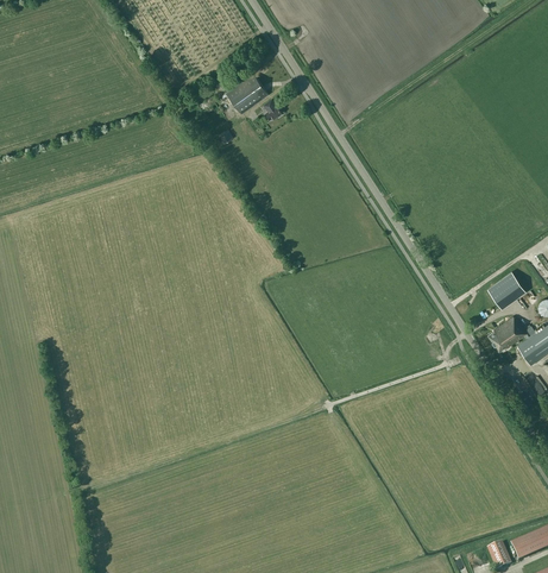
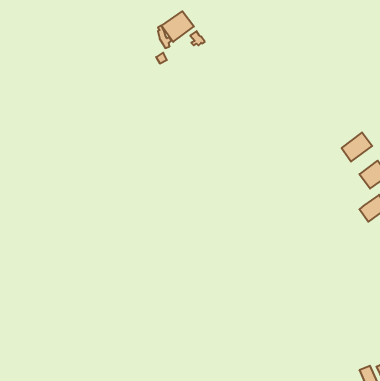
building: none -> [342,132,372,162]

